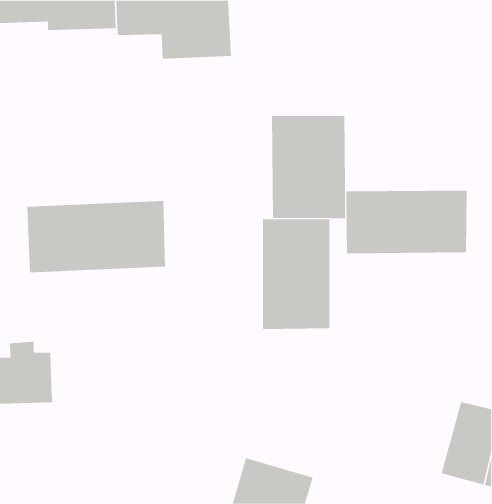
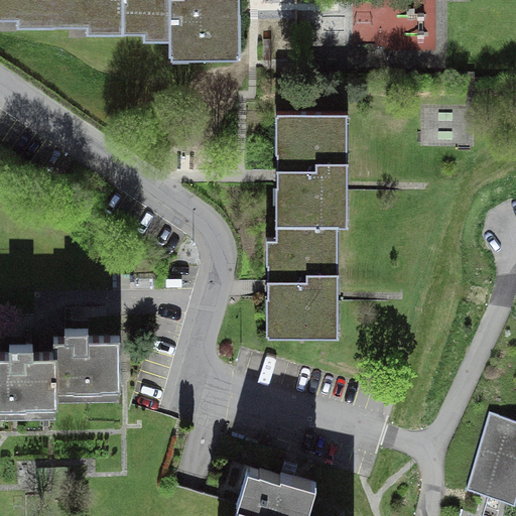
building: [346,190,467,254] -> none
building: [27,200,166,273] -> none
building: none -> [51,331,123,396]

